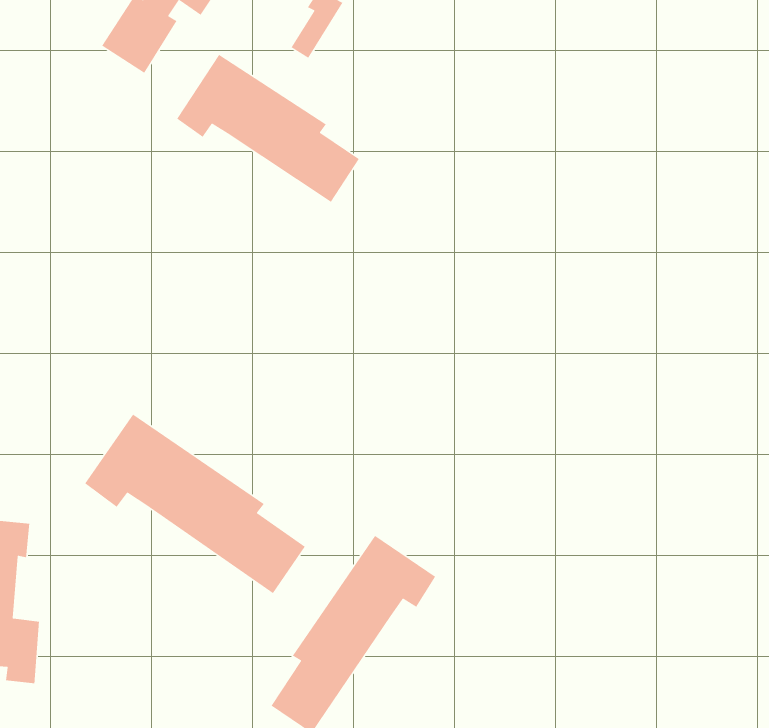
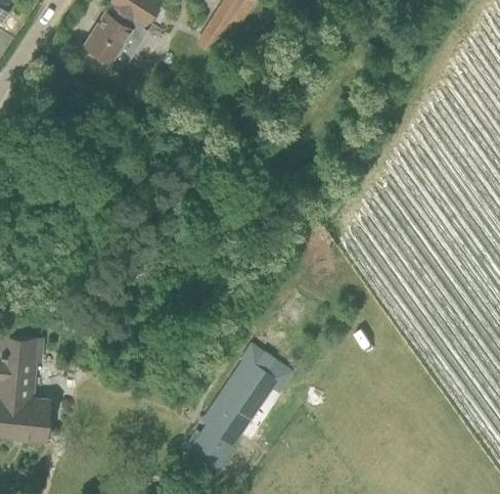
building: [176,54,360,203] -> none
building: [84,413,306,594] -> none

